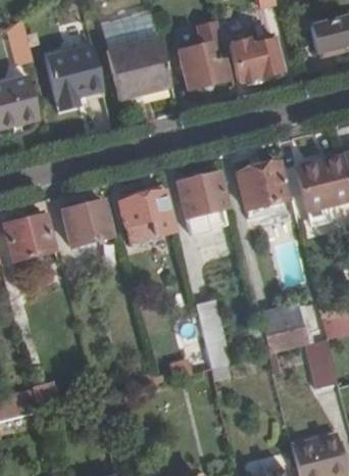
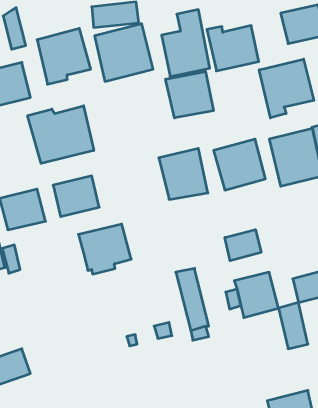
building: none -> [259,59,314,118]
building: none -> [166,71,213,118]
building: none -> [28,106,94,163]
building: [117,191,174,245] -> [78,224,131,274]
building: none -> [225,230,261,261]

